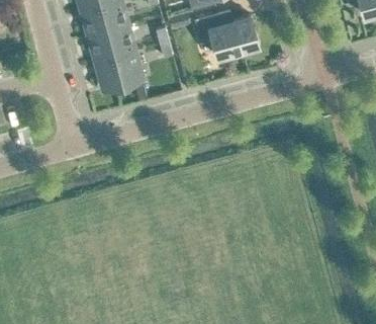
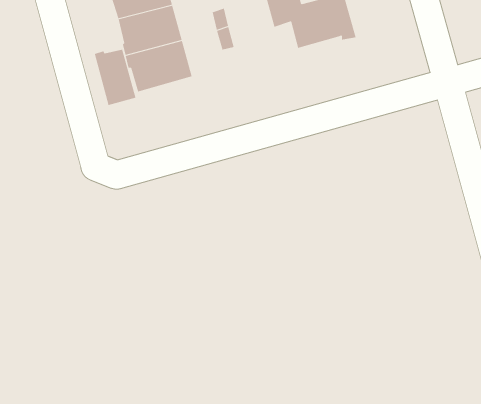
building: none -> [94,49,136,106]

